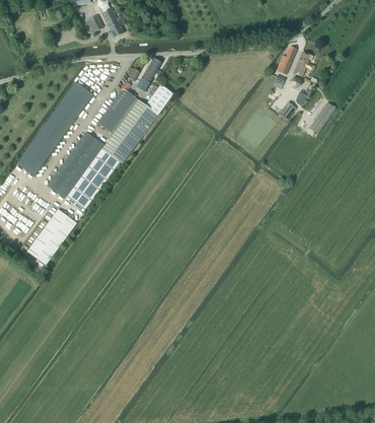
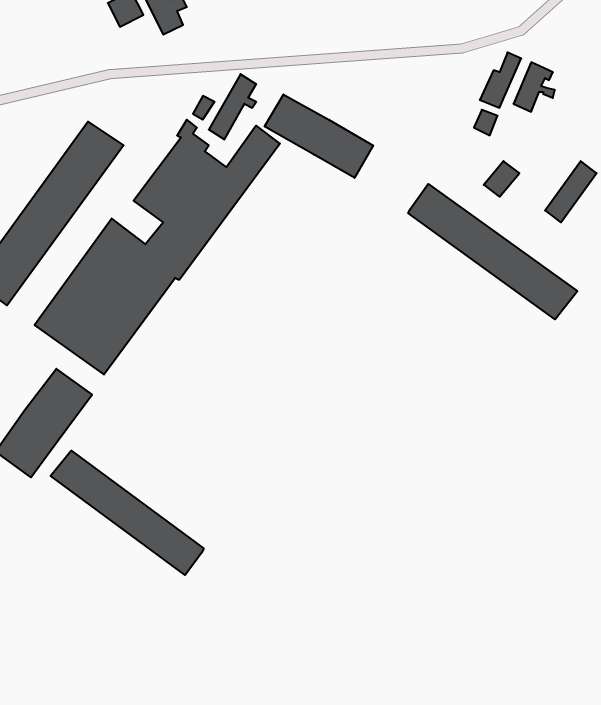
building: none -> [265,94,373,178]
building: none -> [408,184,577,319]
building: none -> [51,451,204,575]

